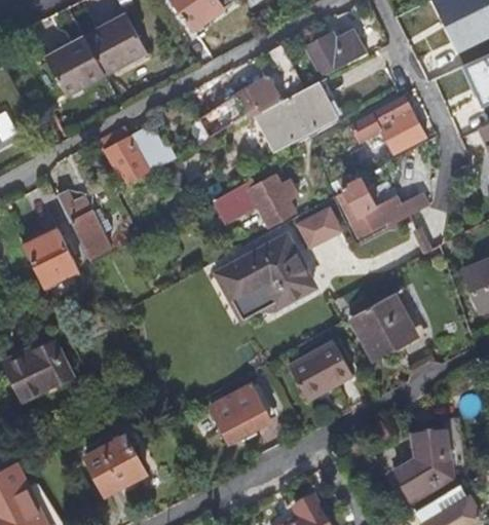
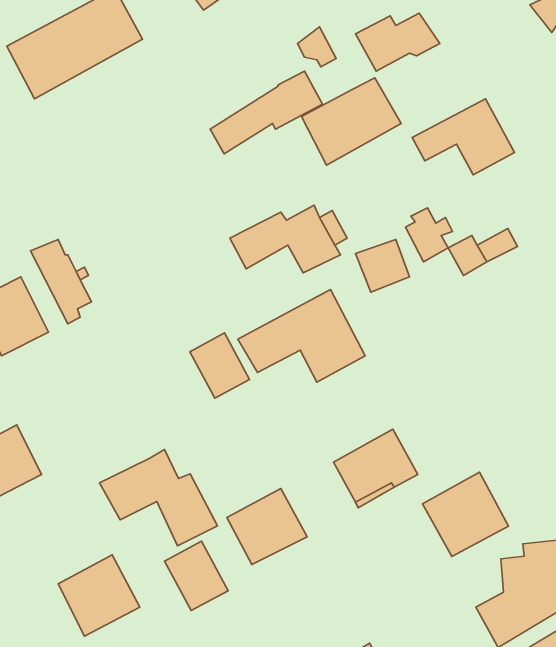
building: [99,126,171,185] -> none
building: none -> [190,333,250,398]
building: [350,294,414,357] -> [423,472,508,556]
building: none -> [99,450,218,546]
building: none -> [165,541,228,611]

